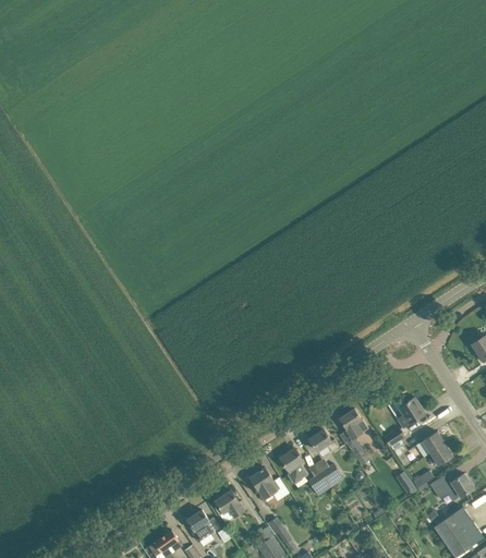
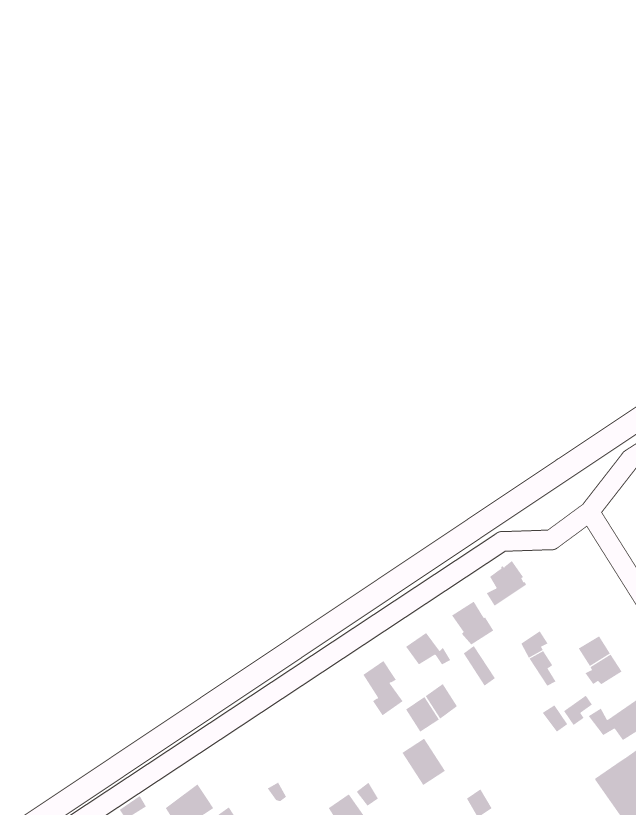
building: [397,397,424,427] -> [486,560,527,606]
building: [250,468,279,499] -> [401,738,446,786]
building: [215,490,246,517] -> none
building: [186,510,219,542] -> none

